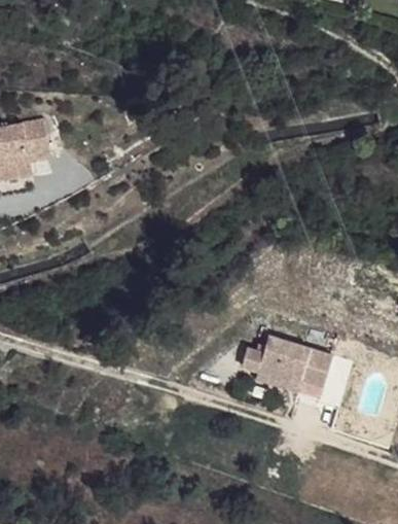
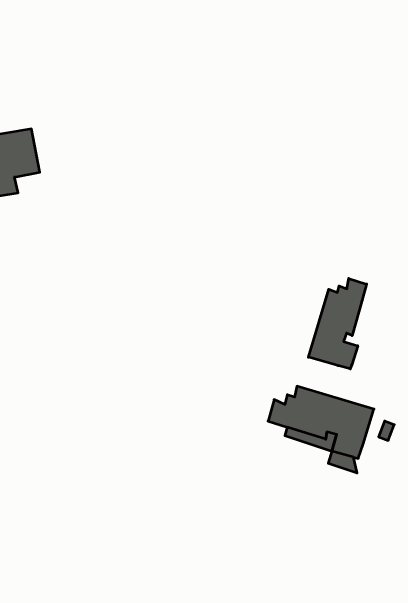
building: none -> [308,278,367,369]

